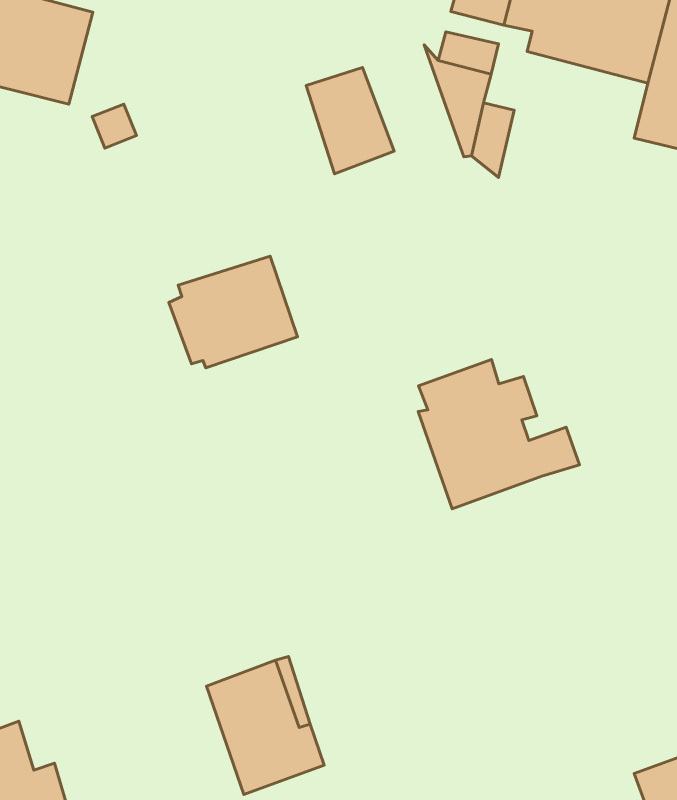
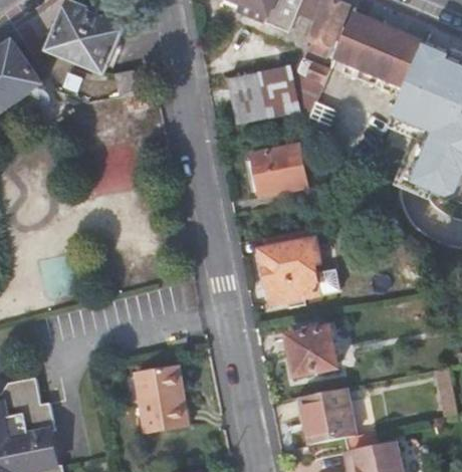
building: none -> [258,63,300,115]
building: [169,256,298,368] -> [245,144,308,196]
building: none -> [287,326,339,376]
building: none -> [298,388,356,444]

